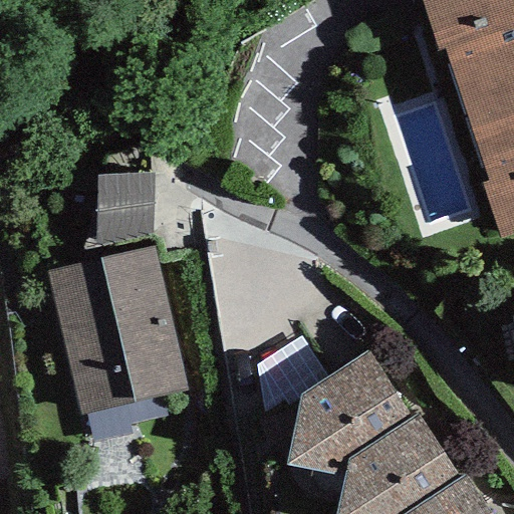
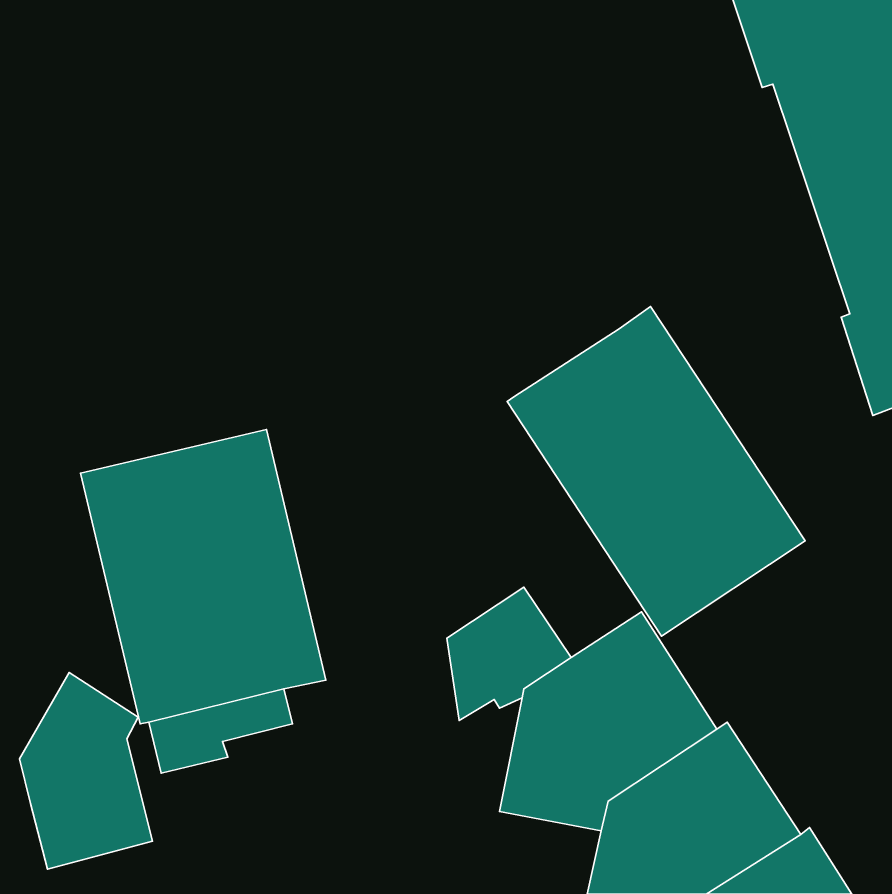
building: [97,173,155,243] -> none
building: none -> [507,307,805,636]
building: none -> [19,672,153,869]

